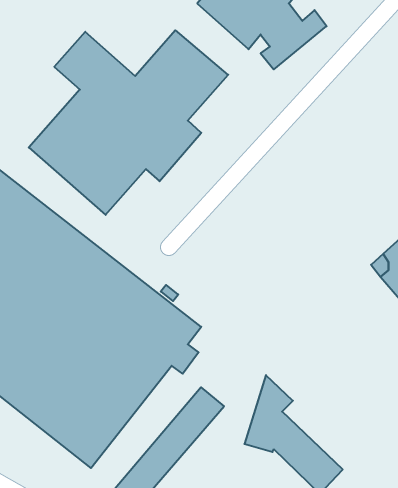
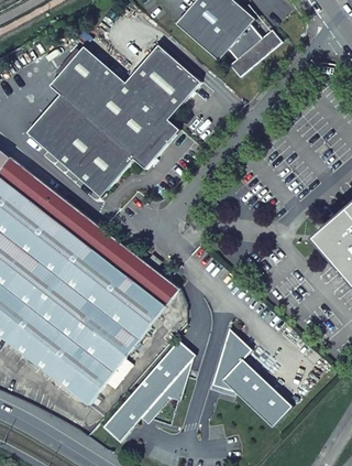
building: none -> [26,76,79,142]

